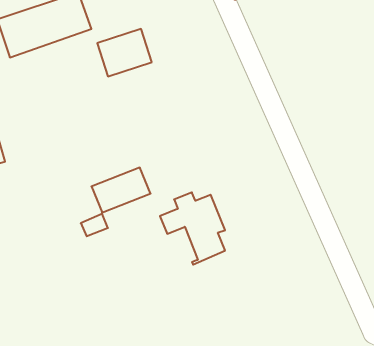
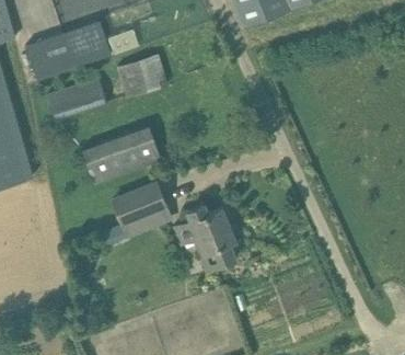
building: none -> [46,78,107,121]
building: none -> [82,127,161,184]

